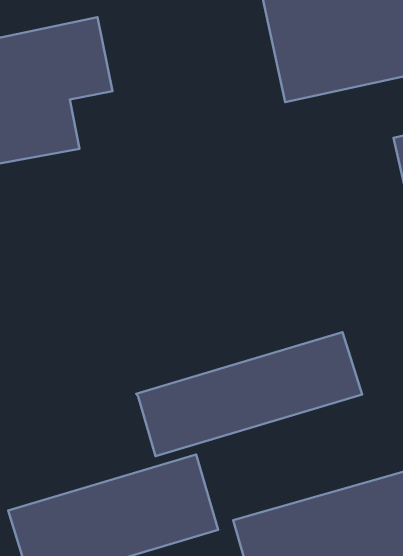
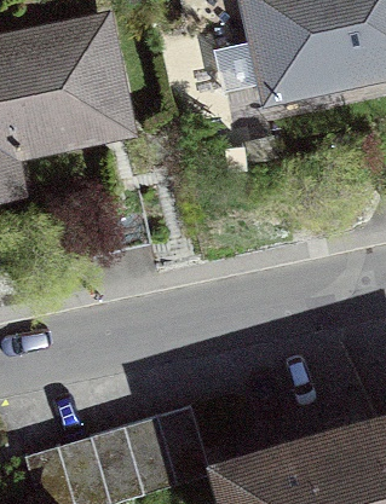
building: [136,332,362,456] -> none

